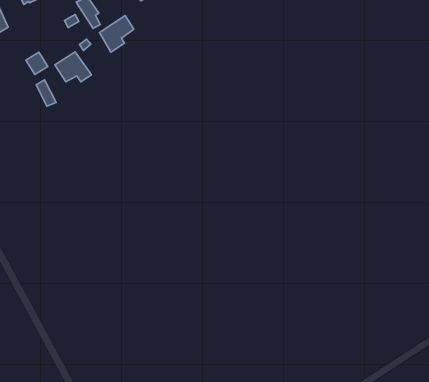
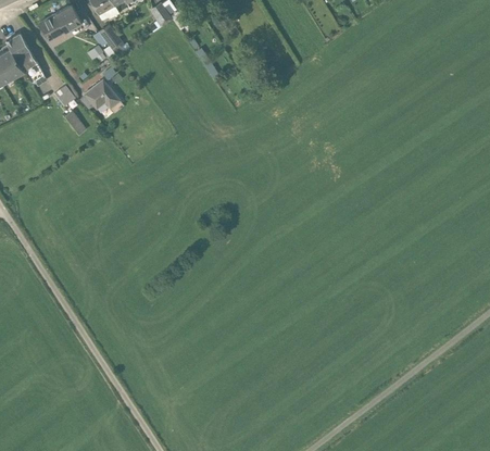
building: [99,16,134,52] -> none

